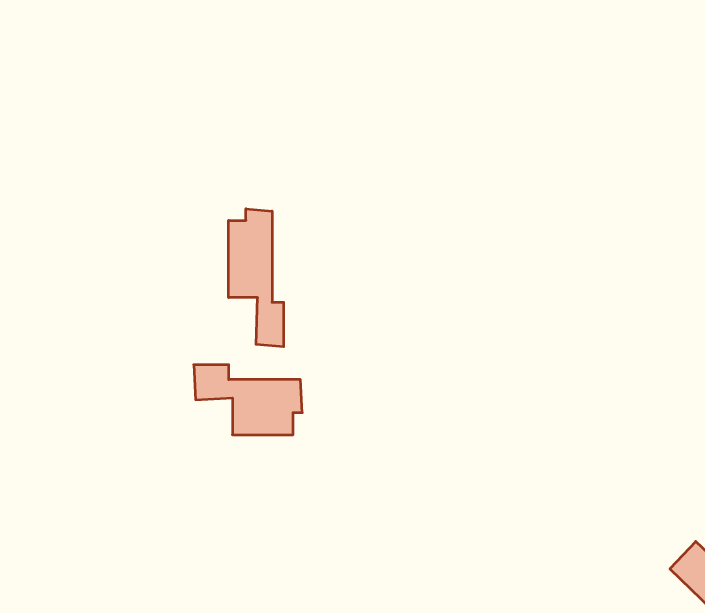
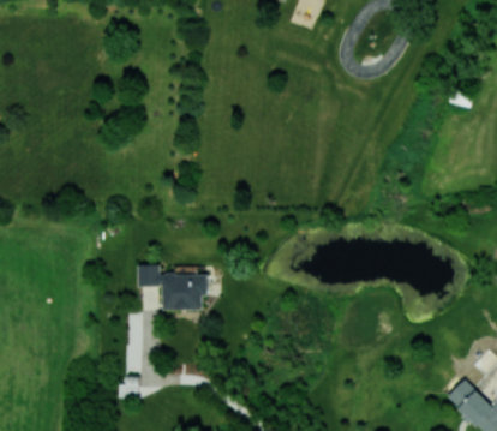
building: [229,209,284,347] -> none

